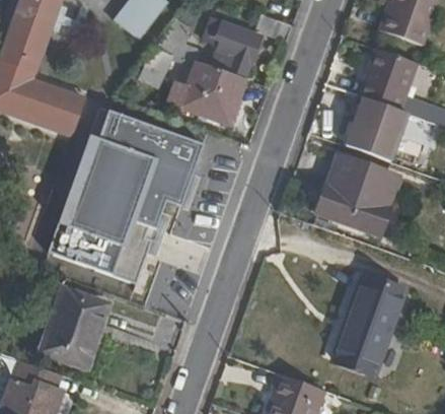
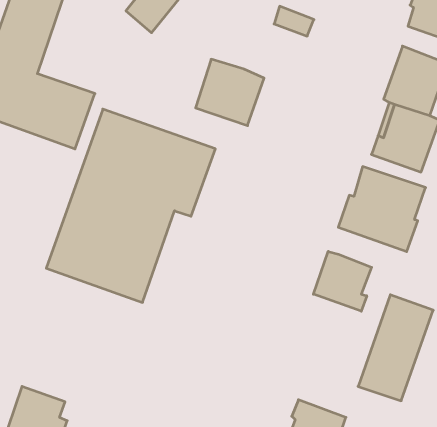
building: [205,17,261,77] -> none
building: none -> [313,251,372,311]
building: [48,294,107,371] -> none

